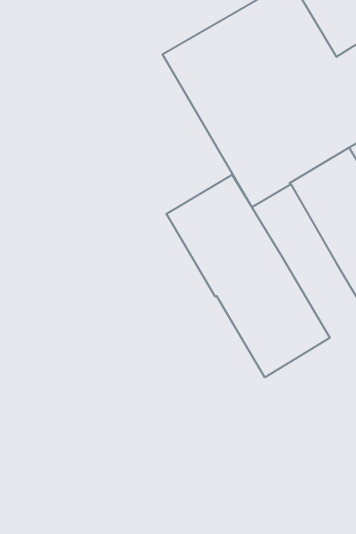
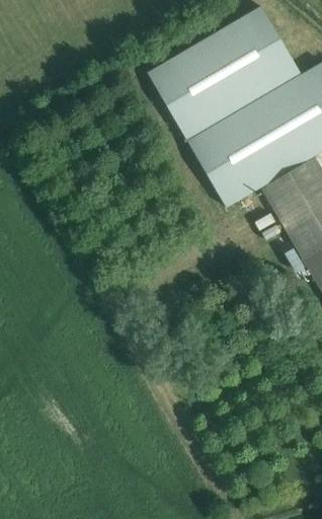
building: [166,175,330,377] -> none

